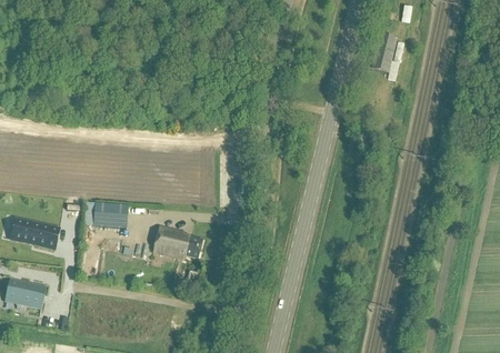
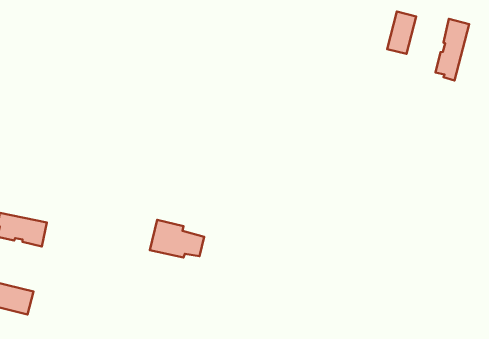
building: none -> [435,19,469,81]
building: [93,203,127,226] -> none

